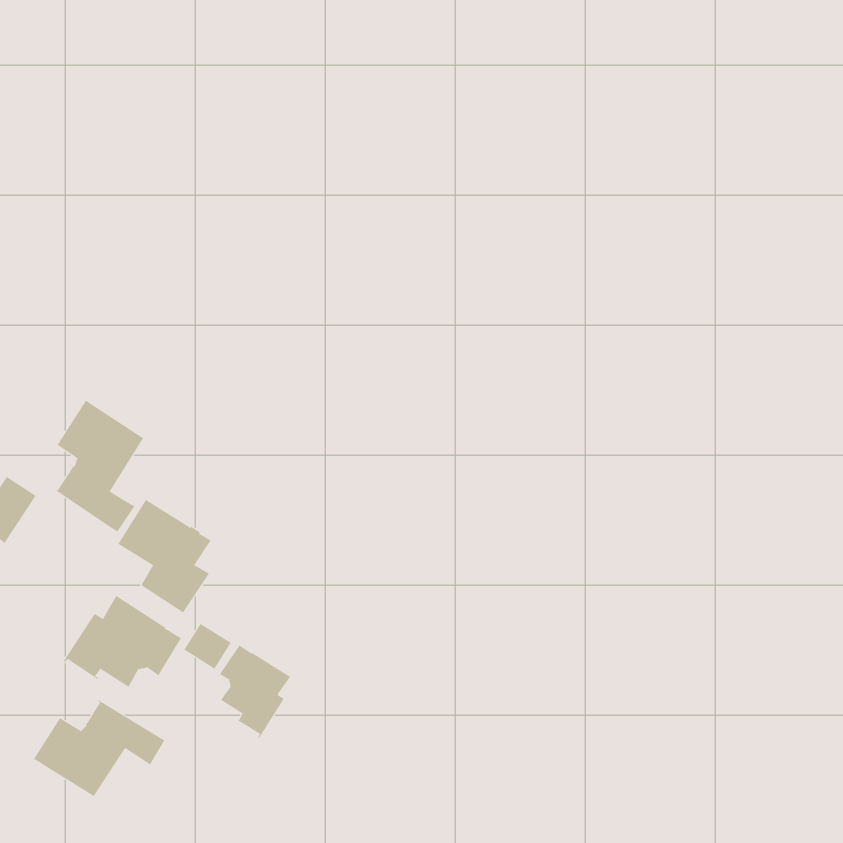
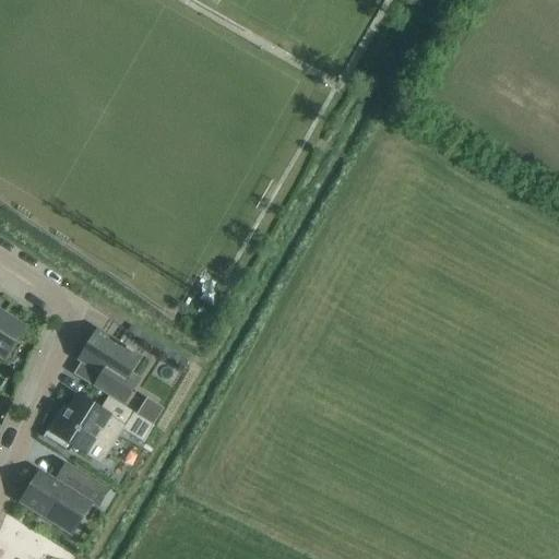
building: [54,400,144,532] -> none
building: [219,644,291,738] -> none

